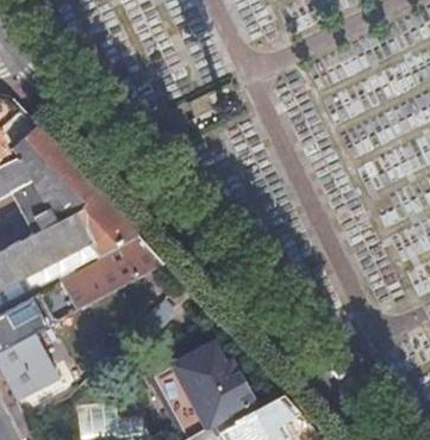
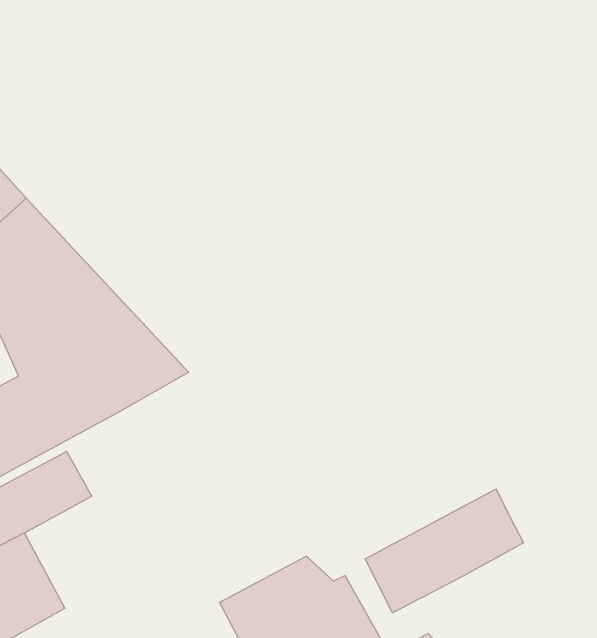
building: [61,234,163,310] -> none
building: none -> [365,489,523,613]

